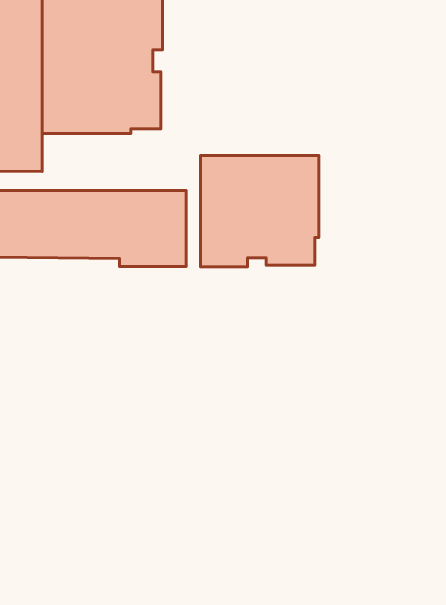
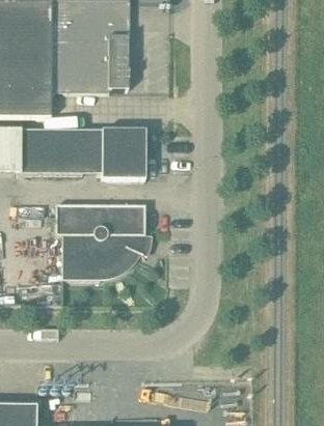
building: [201,155,319,267] -> none
building: none -> [56,204,146,280]

